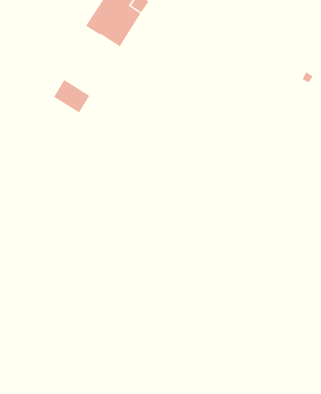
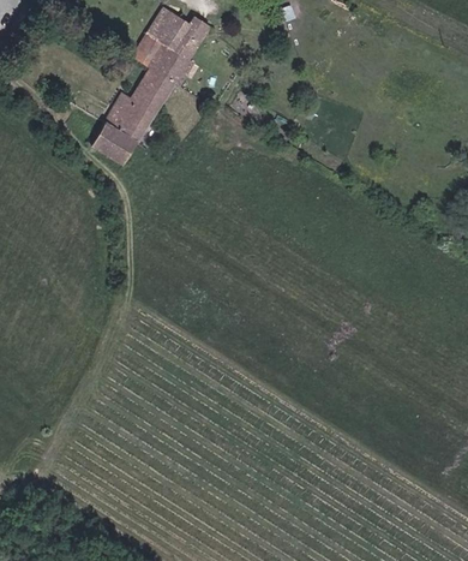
building: none -> [104,67,174,143]

